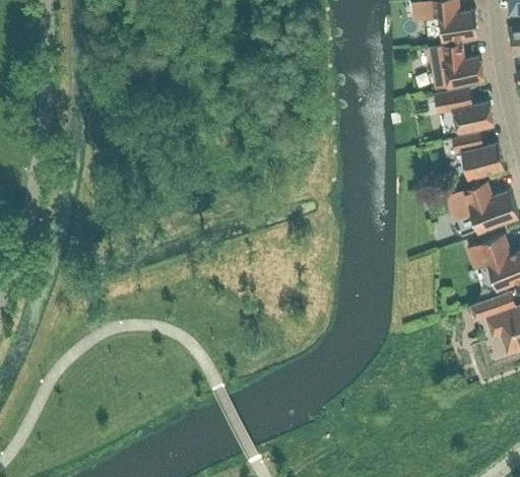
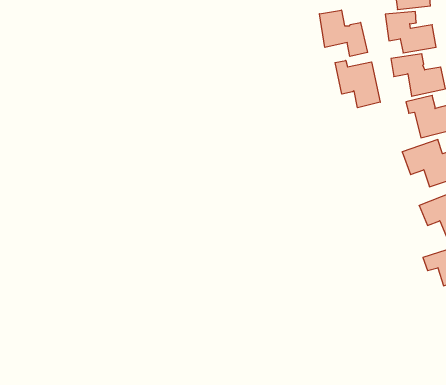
building: none -> [319,10,368,56]
building: none -> [335,60,380,108]

